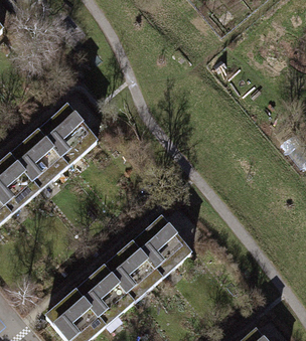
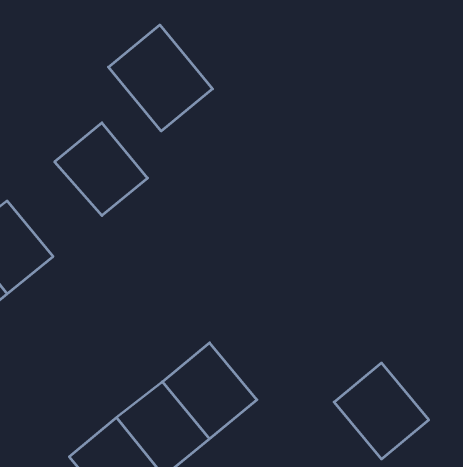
building: none -> [108,25,213,131]
building: [7,131,65,189] -> none
building: [132,218,190,278] -> [334,363,429,459]

